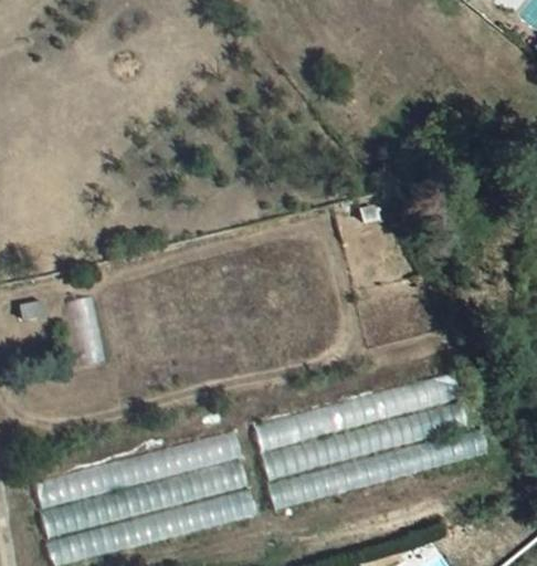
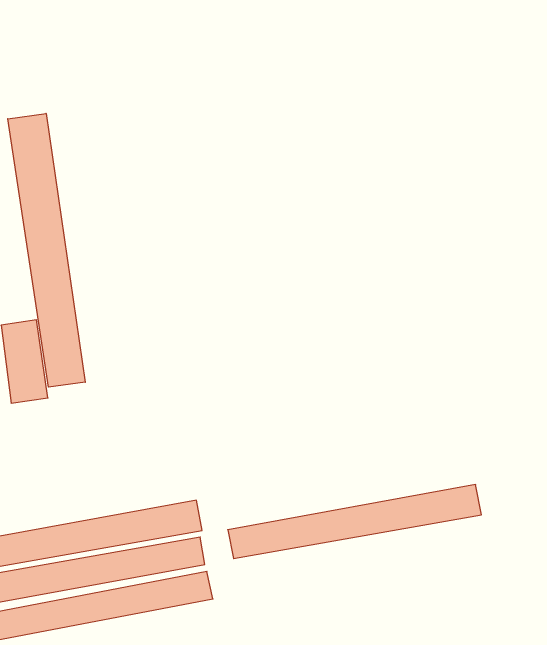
building: none -> [8,113,85,387]
building: [254,371,461,448] -> none
building: [268,430,486,510] -> none

